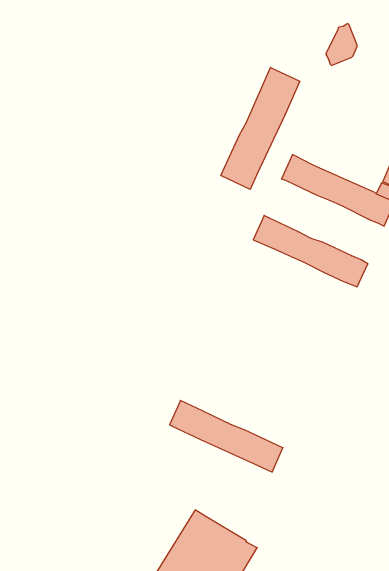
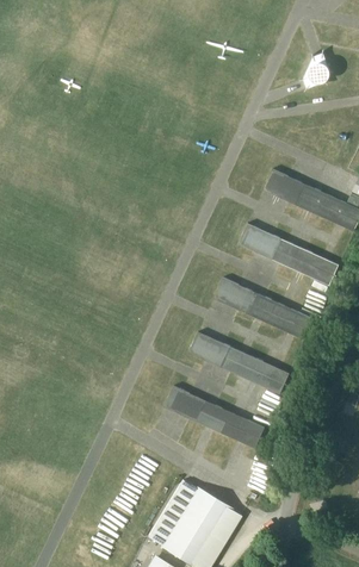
building: [221,67,300,189] -> none
building: none -> [212,276,314,339]
building: none -> [187,331,289,393]

